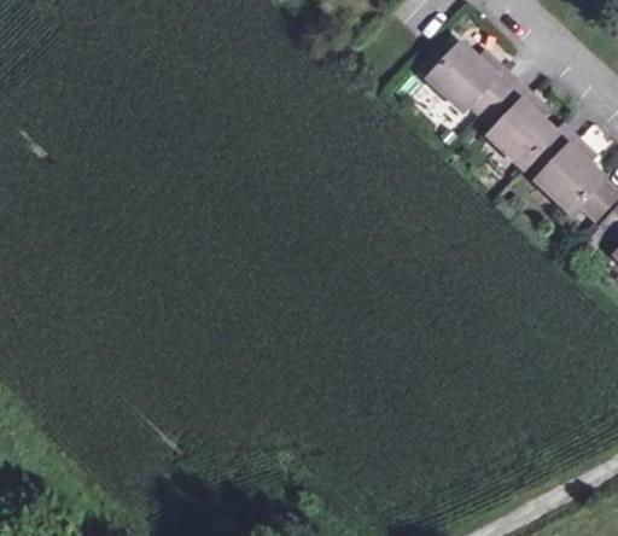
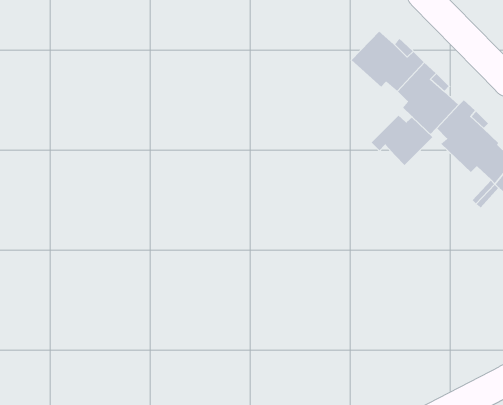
building: none -> [371,115,433,166]

